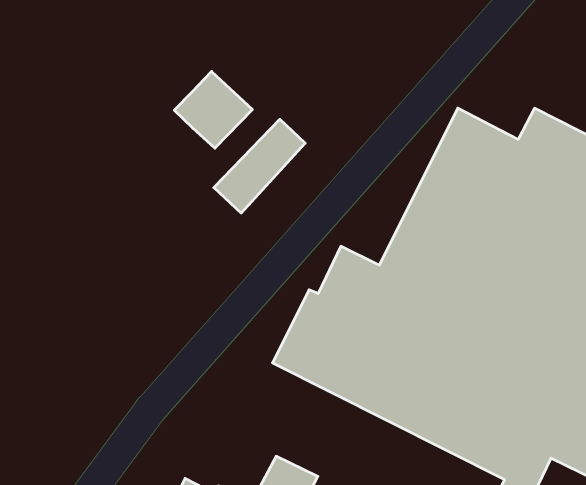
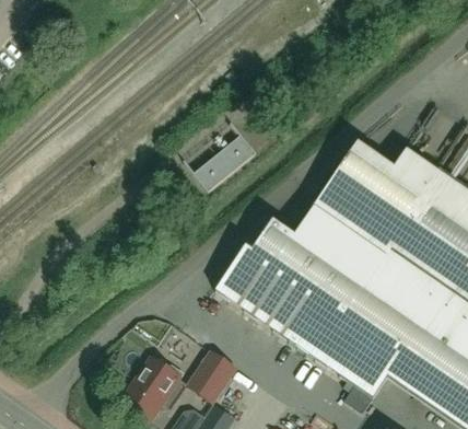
building: [174,71,252,148] -> none

